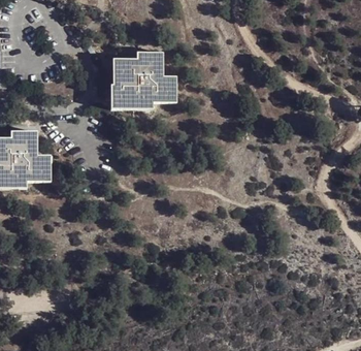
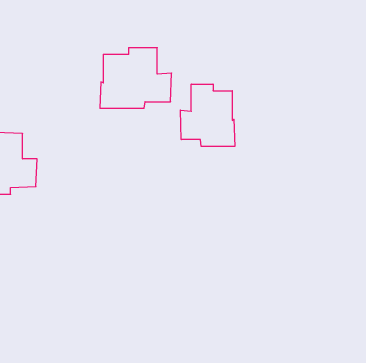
building: none -> [180,84,235,146]

